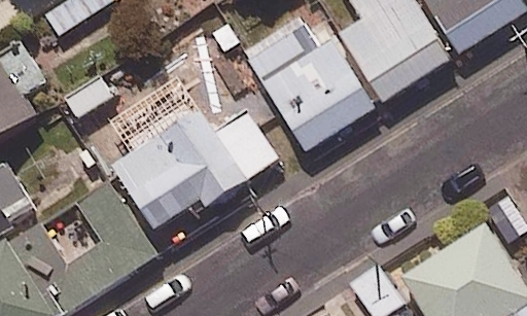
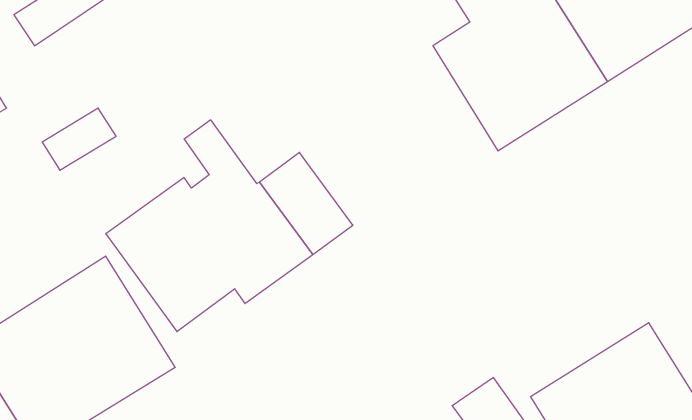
building: [242,13,381,153] -> none

